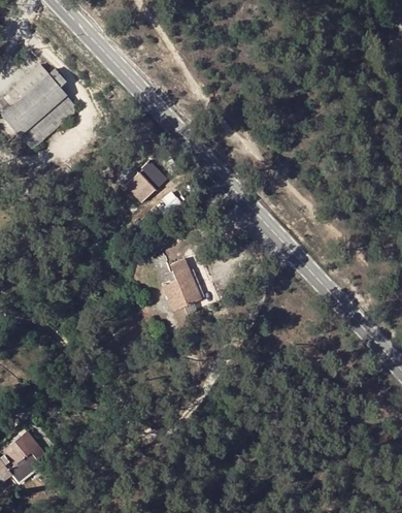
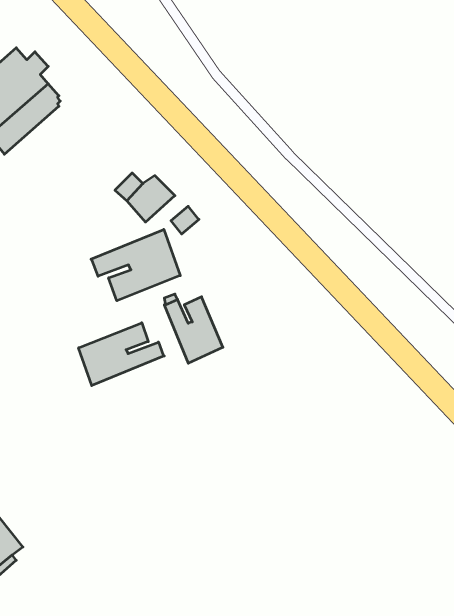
building: none -> [91,229,180,301]
building: none -> [79,323,164,386]

